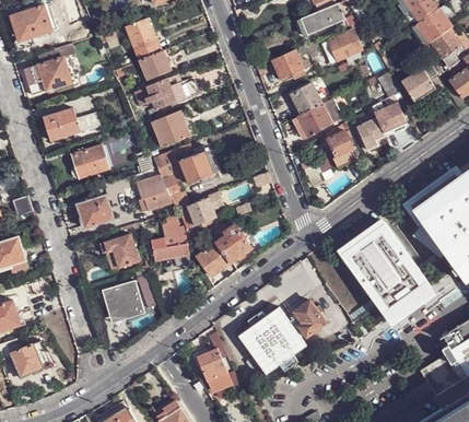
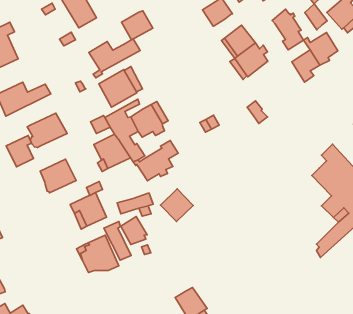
building: [139,51,171,80] -> [122,11,153,40]
building: [324,125,353,167] -> [272,9,304,50]
building: none -> [6,136,33,167]
building: [162,218,188,246] -> [121,216,147,245]
building: [216,225,250,262] -> none
building: [342,230,376,282] -> none
building: [296,298,328,337] -> none
building: [236,308,304,375] -> none

